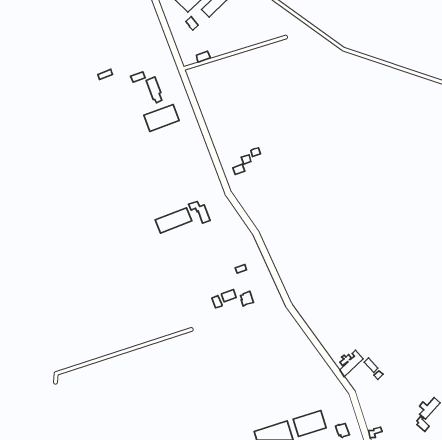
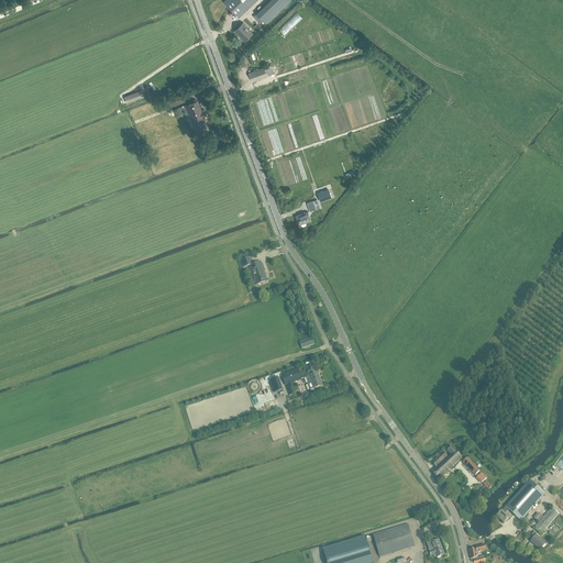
building: [144,104,179,131] -> none
building: [155,208,192,233] -> none
building: none -> [496,478,545,522]

